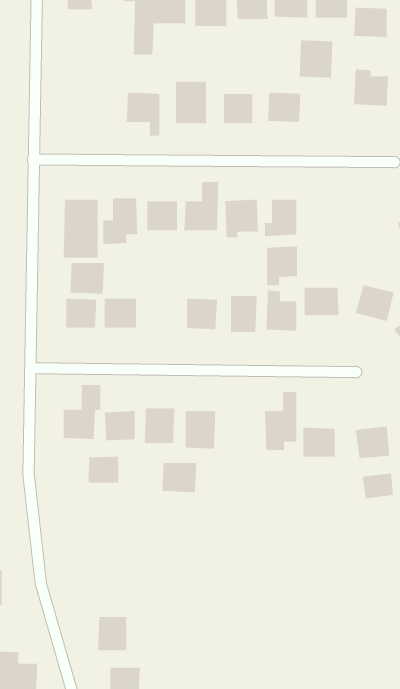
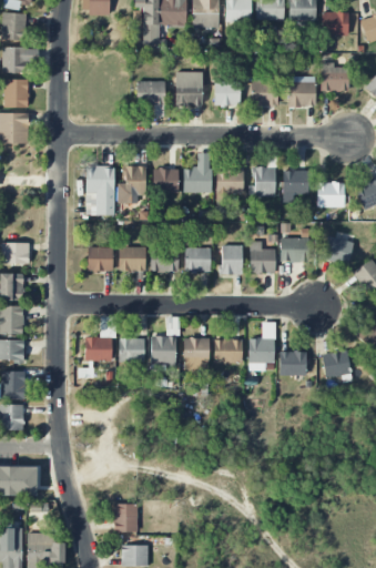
building: [299,40,333,78] -> [288,75,316,106]
building: none -> [317,182,344,206]
building: [266,246,298,286] -> [283,169,308,201]
building: [69,263,105,294] -> [150,246,179,272]
building: [88,456,119,484] -> none
building: [162,463,197,493] -> [214,338,243,363]
building: [362,473,394,499] -> none

